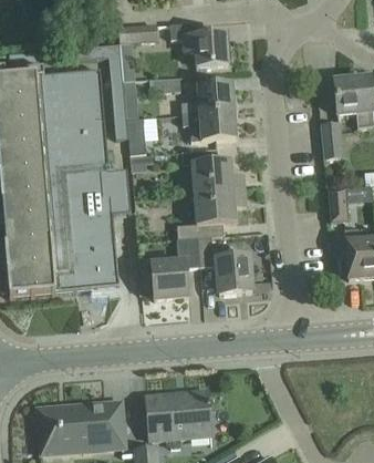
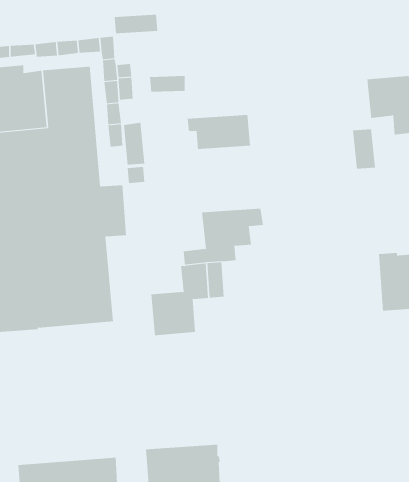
building: [169,22,228,66] -> none
building: [181,83,233,114] -> none
building: [181,148,245,194] -> none
building: [328,187,349,223] -> none
building: [216,255,251,294] -> none

